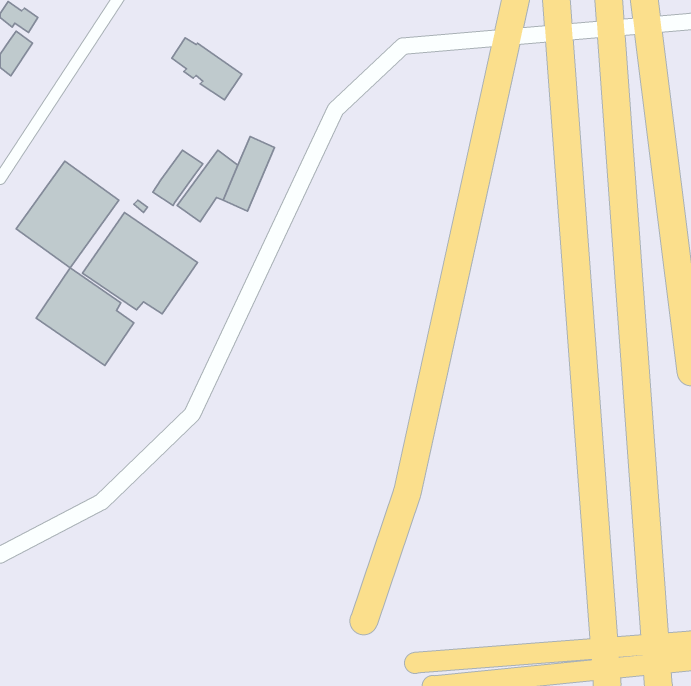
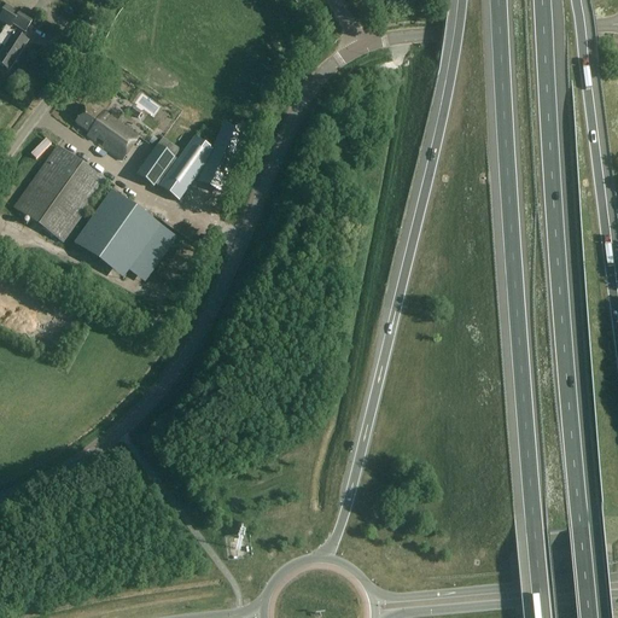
building: [172,38,242,100] -> [76,101,139,157]
building: [36,268,134,365] -> none

